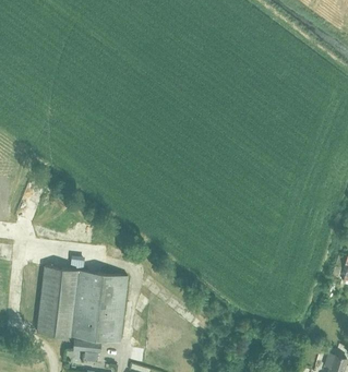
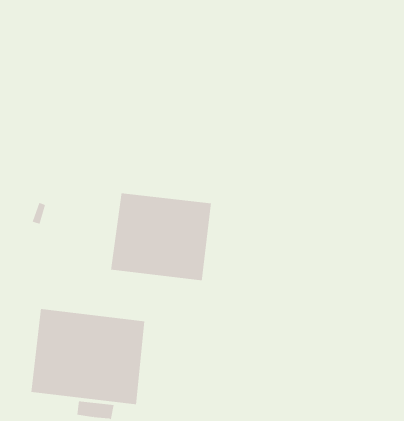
building: none -> [111,192,212,281]

